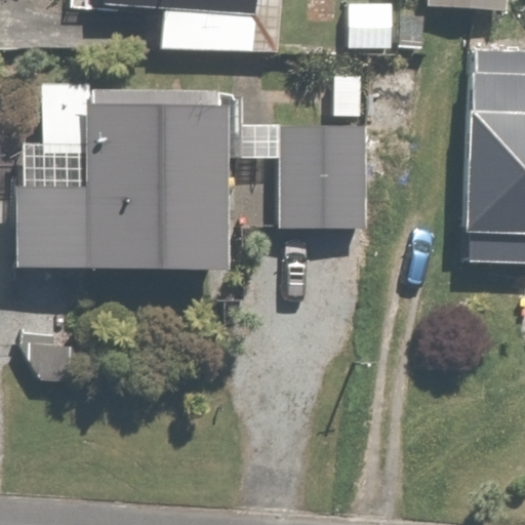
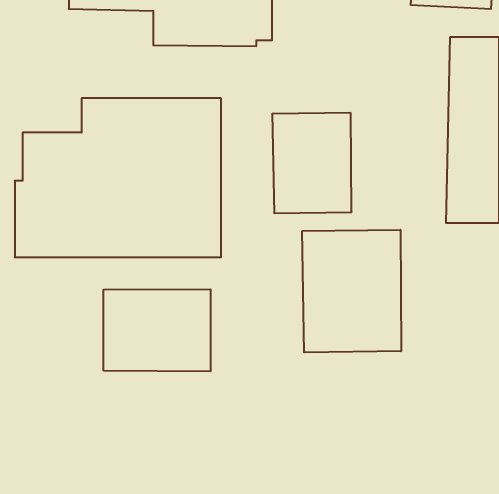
building: none -> [302,230,401,352]
building: none -> [104,289,211,371]

